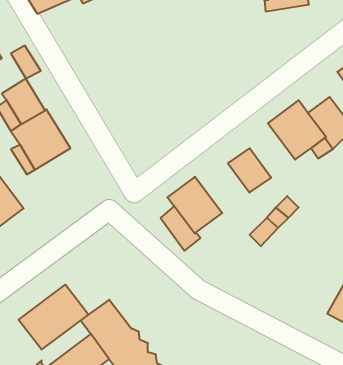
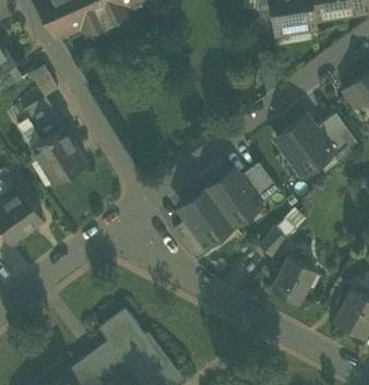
building: none -> [206,171,259,226]
building: none -> [271,256,316,303]
building: [19,285,88,350] -> none

